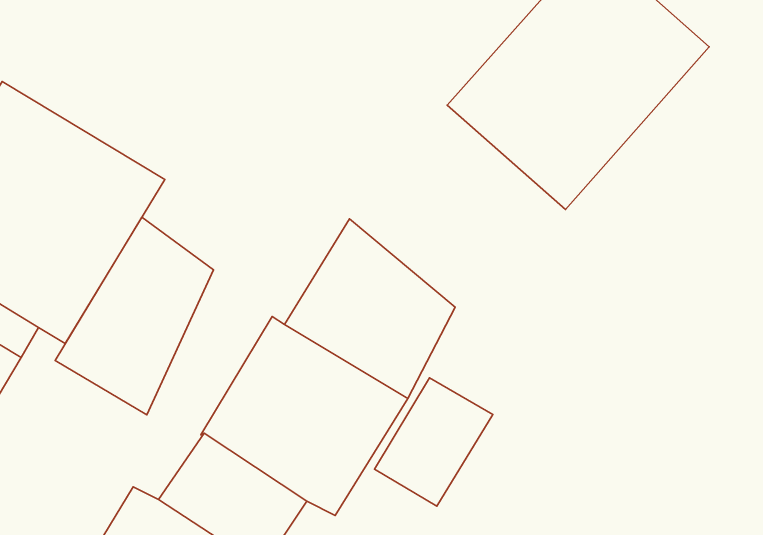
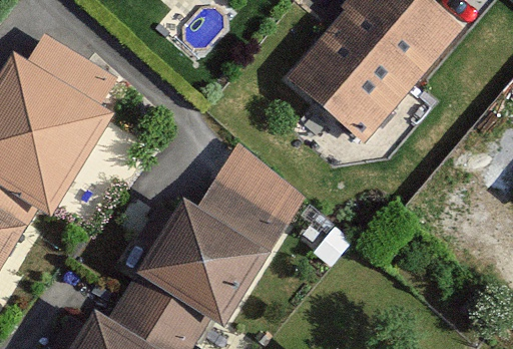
building: [55,217,213,415] -> none
building: [375,378,493,506] -> none

